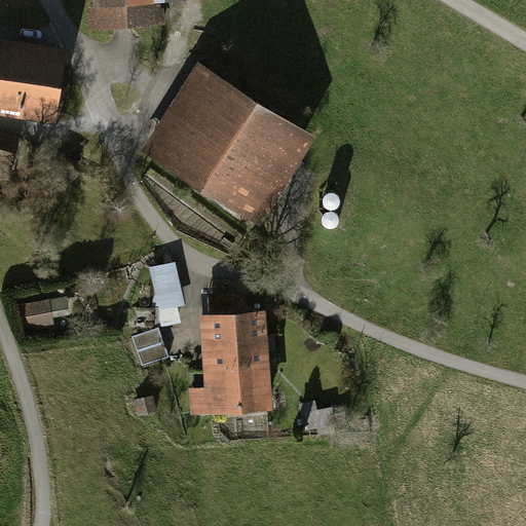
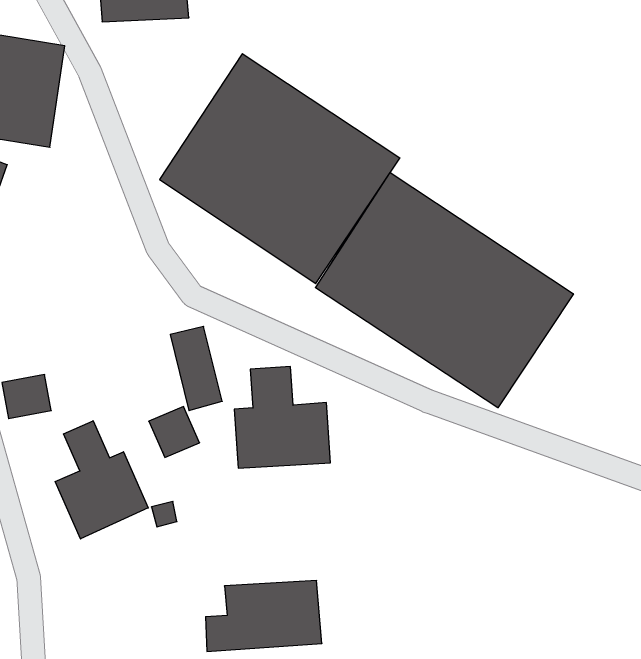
building: none -> [315,173,573,408]
building: none -> [55,421,148,539]
building: [184,367,273,421] -> [206,581,322,651]

